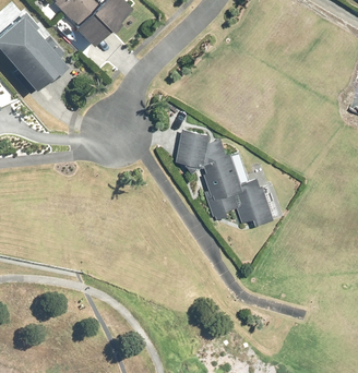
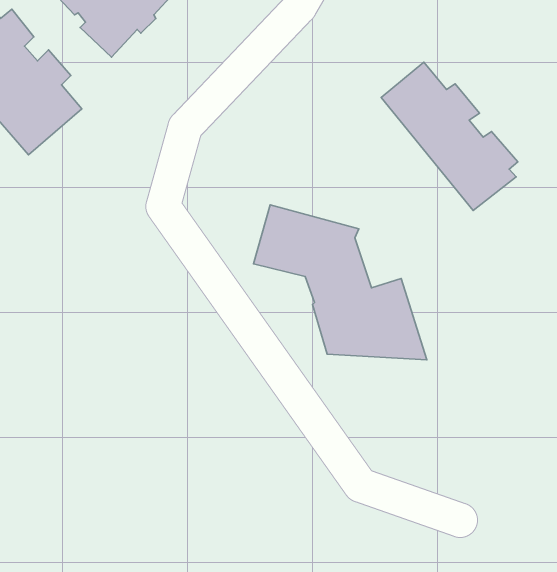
building: none -> [381,62,518,210]

